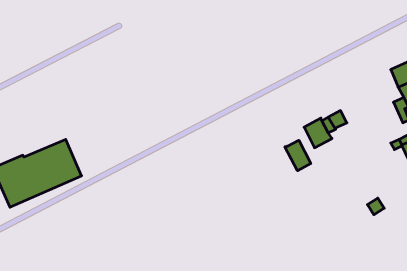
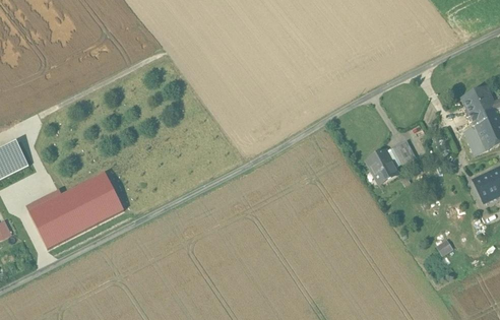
building: [285,140,311,171] -> none

